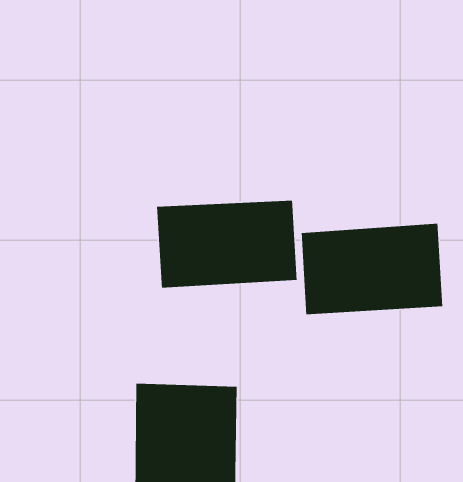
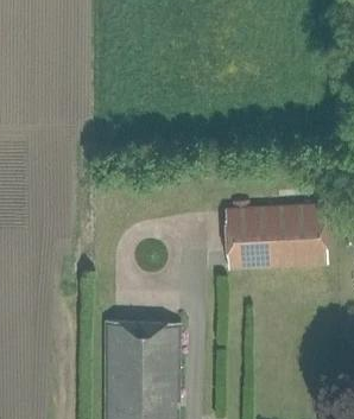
building: [156,200,297,288] -> none

